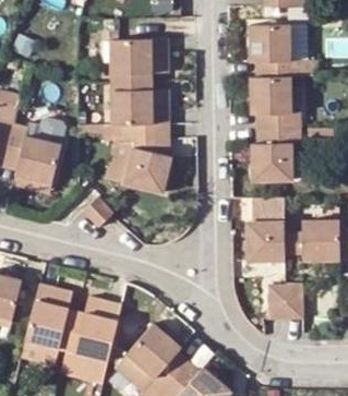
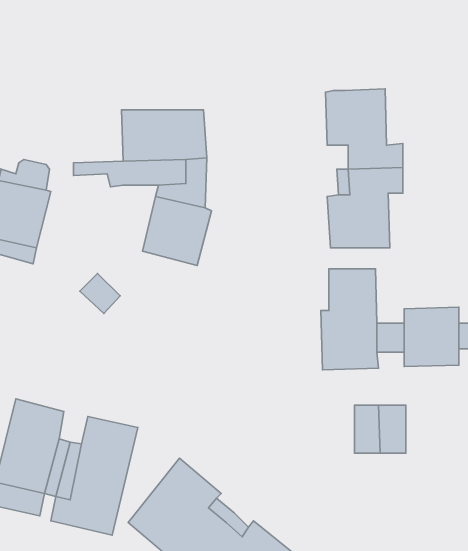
building: [249,21,300,74] -> none
building: [109,37,168,71] -> none
building: [104,139,136,183] -> none

